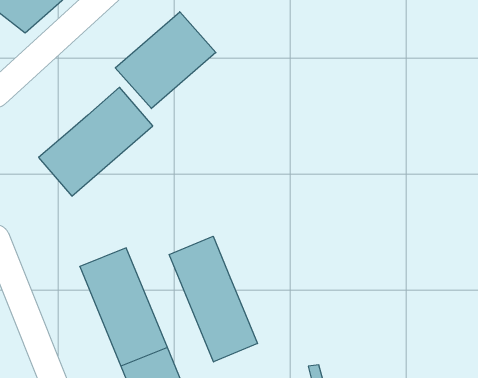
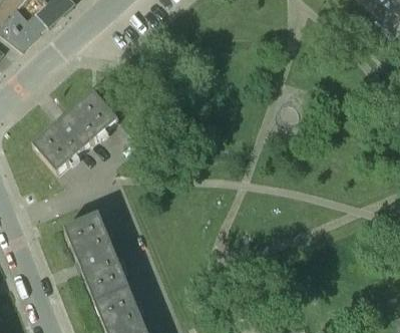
building: [115,12,216,109] -> none
building: [169,236,257,362] -> none

